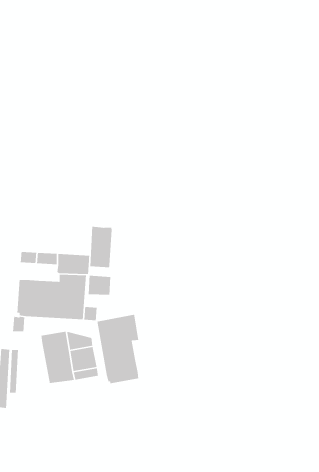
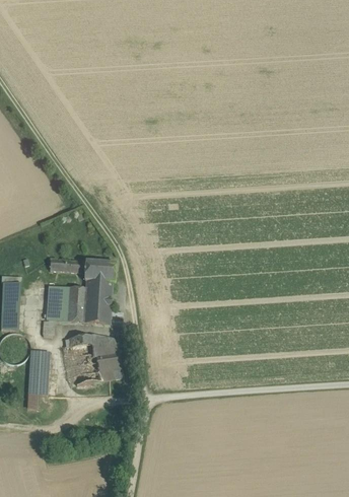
building: [90,226,113,268] -> none
building: [88,275,111,296] -> none
building: [97,314,139,384] -> none

